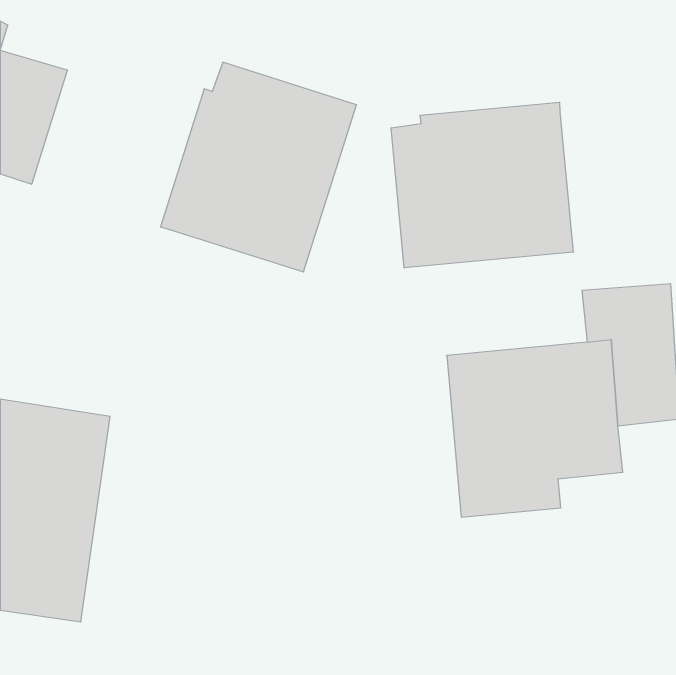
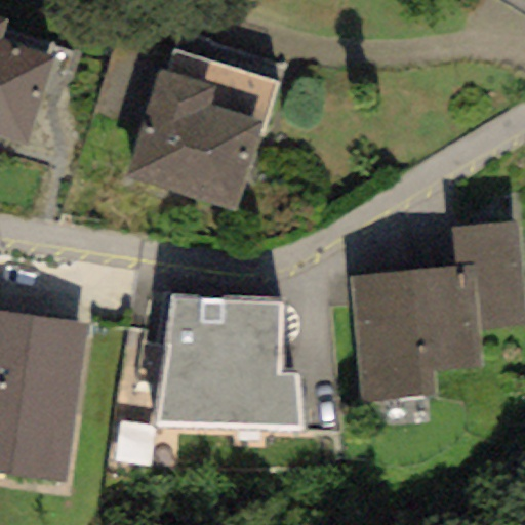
building: [391,102,573,268] -> none
building: none -> [152,295,300,431]

